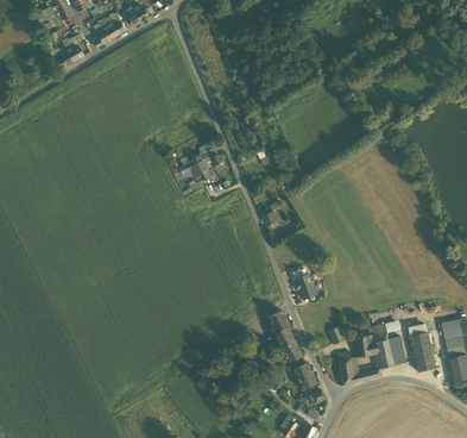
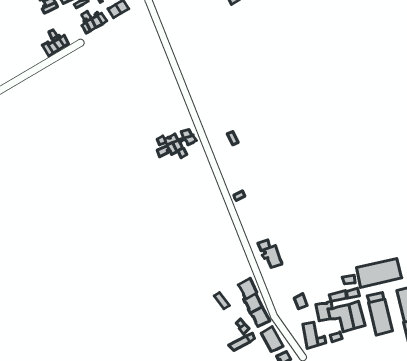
building: none -> [357,259,402,287]

